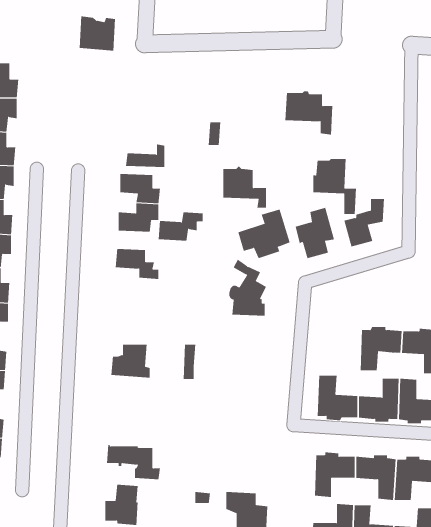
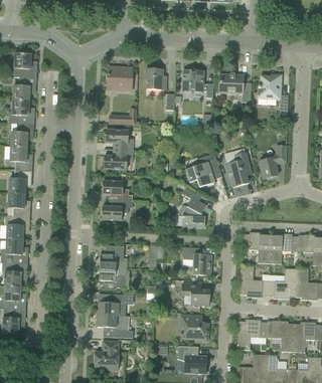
building: [79,16,116,51] -> [107,66,132,90]
building: none -> [145,68,165,89]
building: [313,159,357,215] -> [258,74,288,113]
building: [223,165,267,208] -> [182,68,212,98]
building: [158,212,203,241] -> [101,200,132,220]
building: none -> [242,232,270,263]
building: none -> [183,247,211,275]
building: none -> [98,266,129,288]
building: none -> [181,282,209,307]
building: none -> [99,292,133,316]
building: none -> [180,315,208,341]

